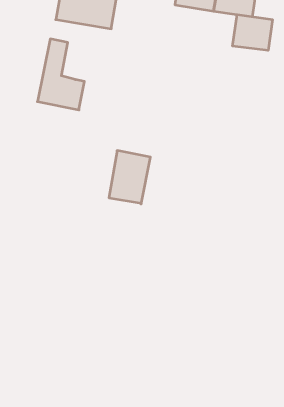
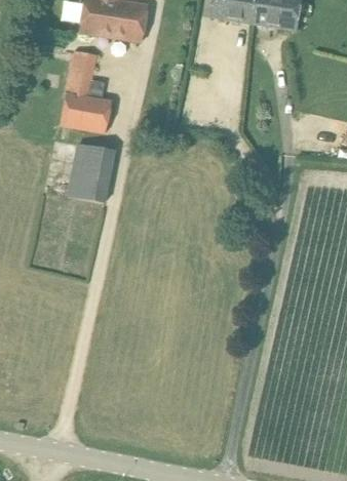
building: [233,15,272,50] -> none
building: [109,151,150,204] -> [68,144,114,203]

